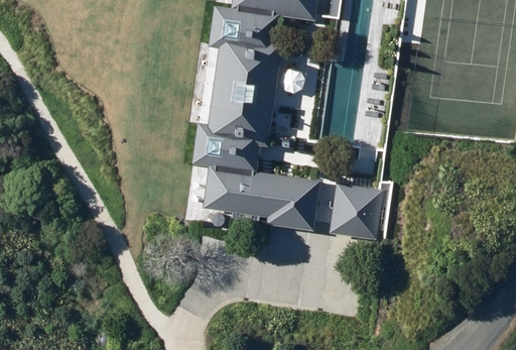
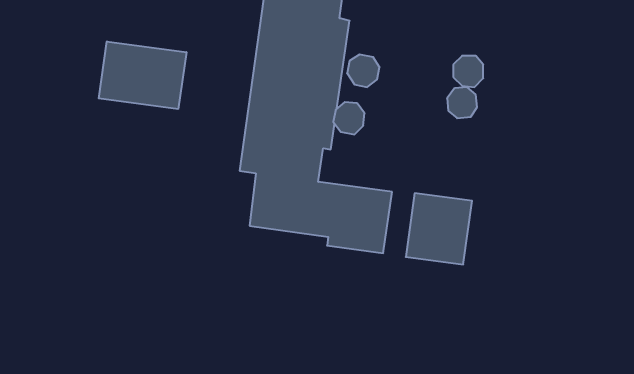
building: none -> [99,41,186,109]

